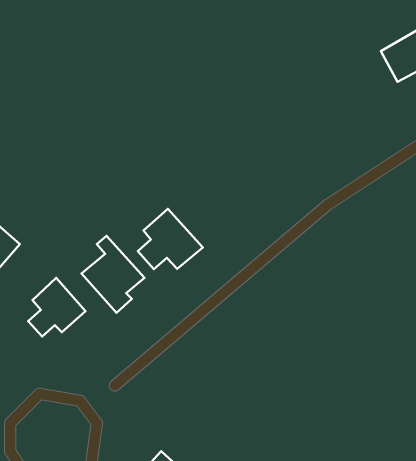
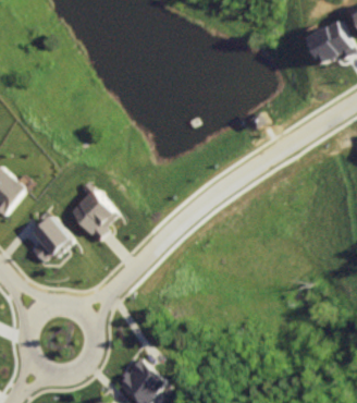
building: [138,209,203,269] -> none

